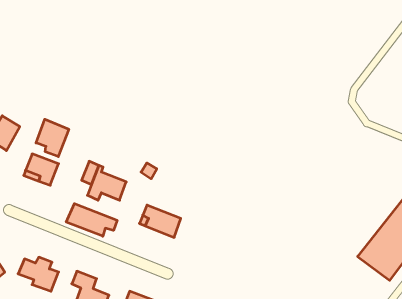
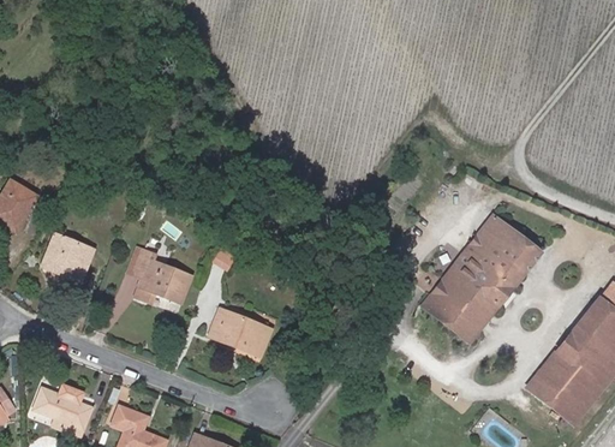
building: [36,119,69,157] -> none
building: none -> [424,216,539,340]
building: [66,204,117,236] -> none

